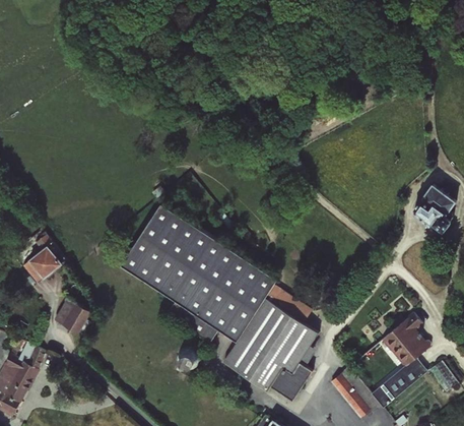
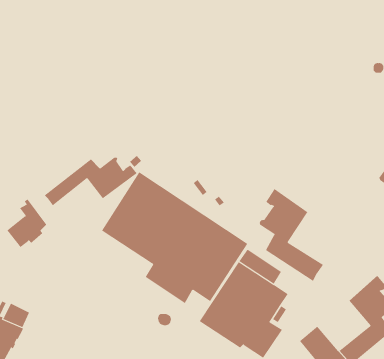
building: none -> [44,157,137,206]
building: none -> [259,188,324,282]
building: [55,297,92,337] -> none

